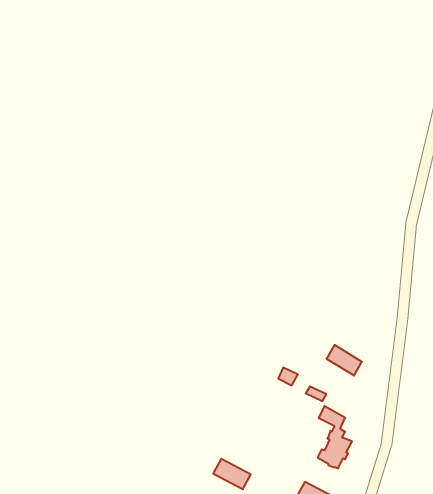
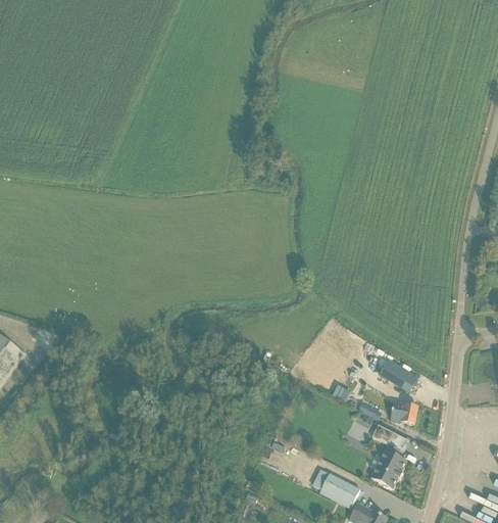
building: none -> [391,401,416,423]
building: [213,459,251,489] -> [320,472,359,504]

